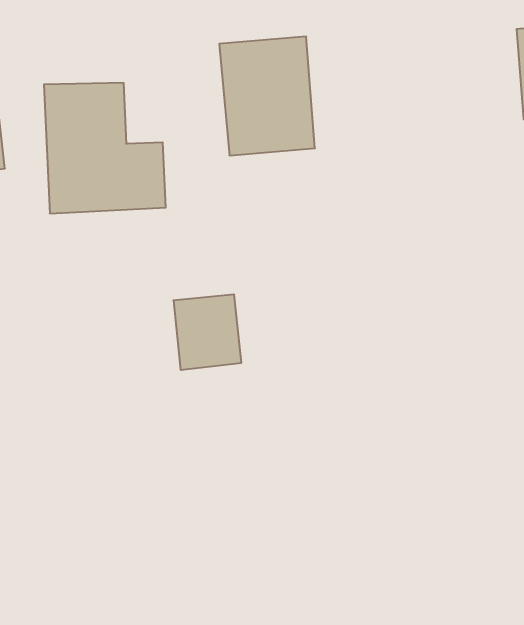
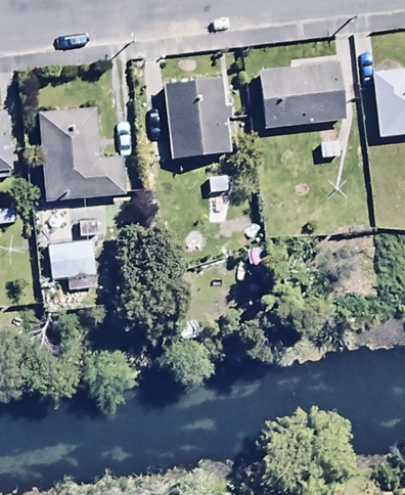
building: none -> [259,59,343,127]
building: [173,295,241,370] -> [50,238,98,291]

